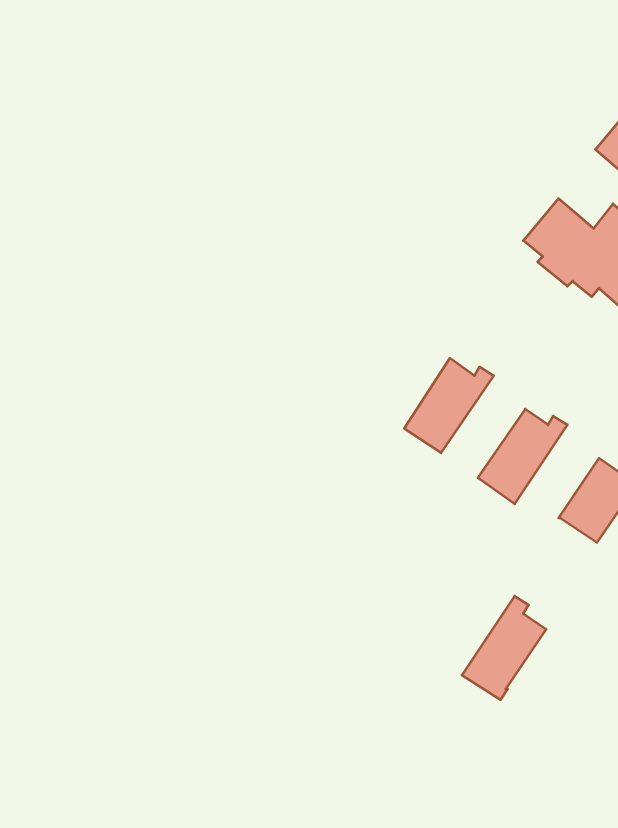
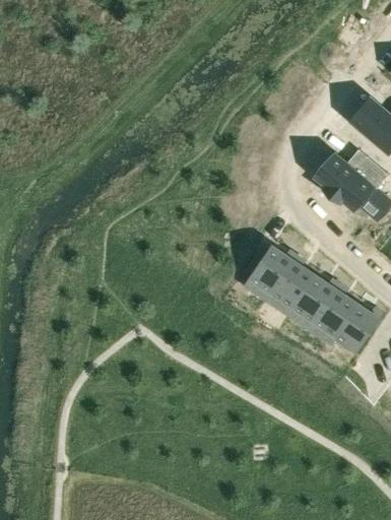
building: none -> [266,255,315,314]
building: [462,596,546,700] -> [309,283,357,343]

